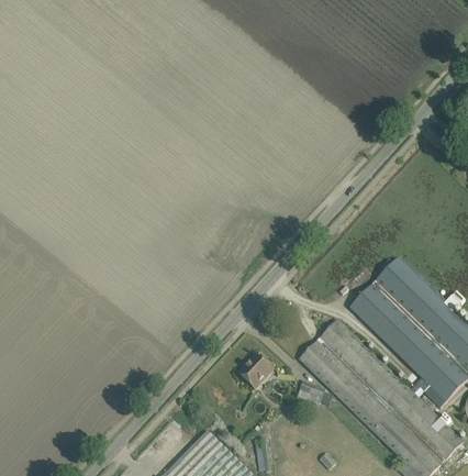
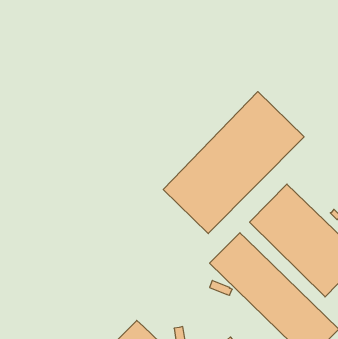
building: none -> [163,92,304,234]
building: [238,354,272,389] -> none

